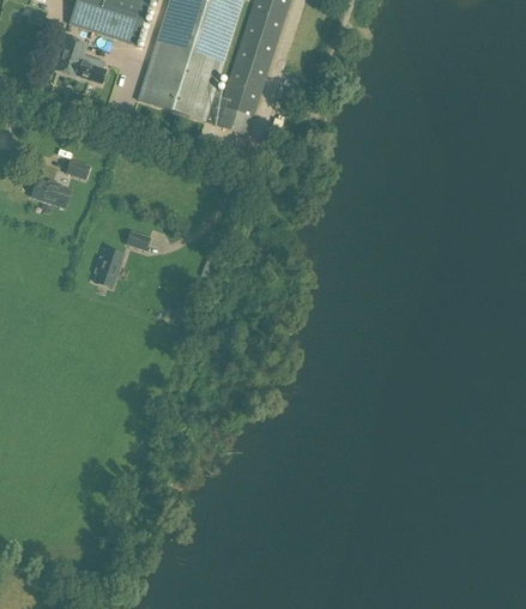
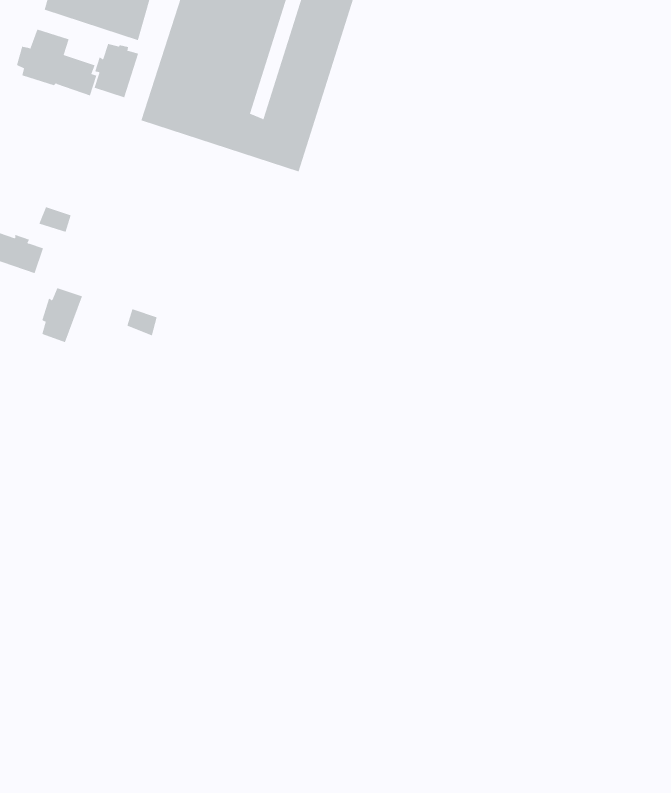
building: none -> [94,43,139,98]
building: [95,247,123,285] -> [41,287,83,343]

